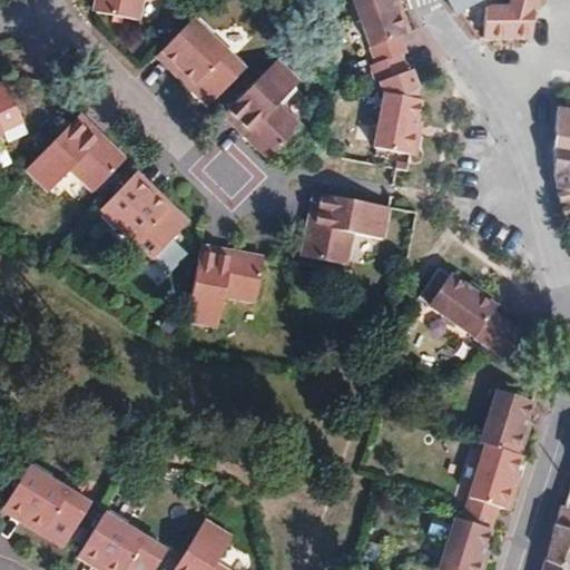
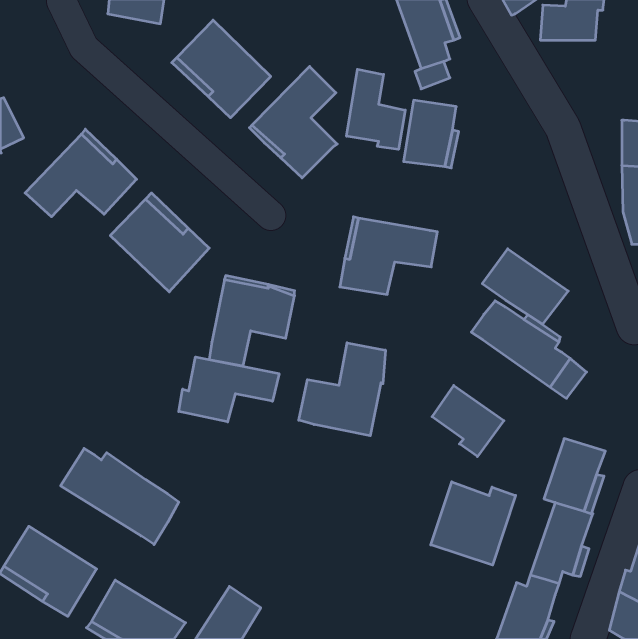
building: none -> [347,69,405,149]
building: none -> [482,249,568,324]
building: none -> [299,343,385,436]
building: none -> [179,357,279,422]
building: none -> [432,385,504,457]
building: none -> [61,448,179,545]
building: none -> [431,482,516,565]

